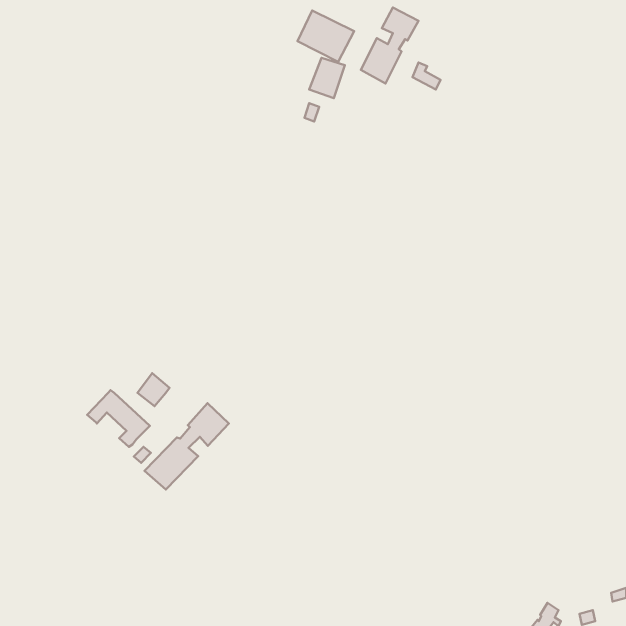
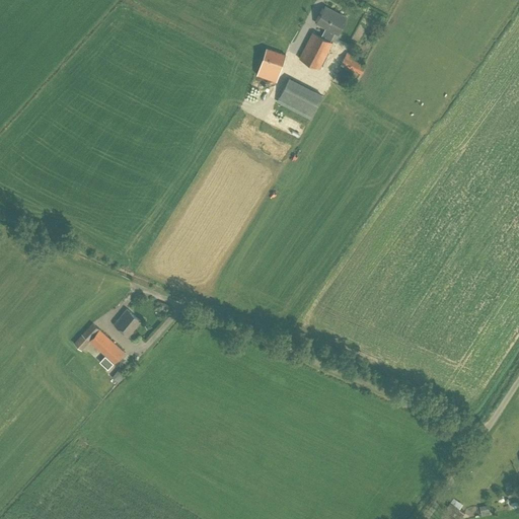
building: [298,10,354,62] -> [276,78,322,121]
building: [145,403,229,490] -> none

